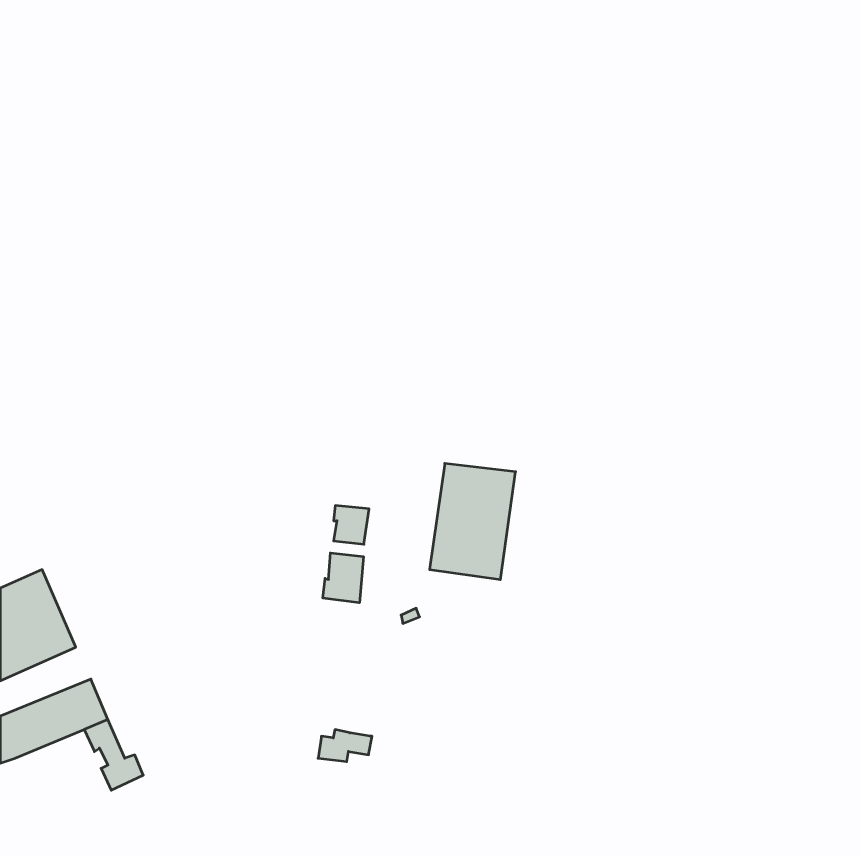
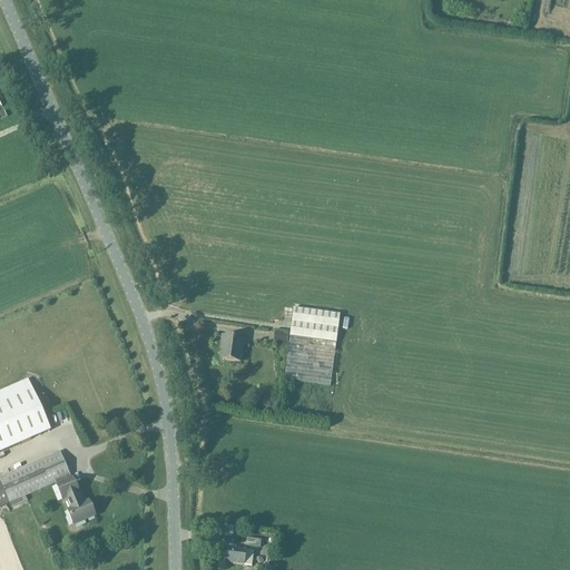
building: [323,553,363,603] -> none
building: [318,730,372,762] -> [224,540,259,561]

